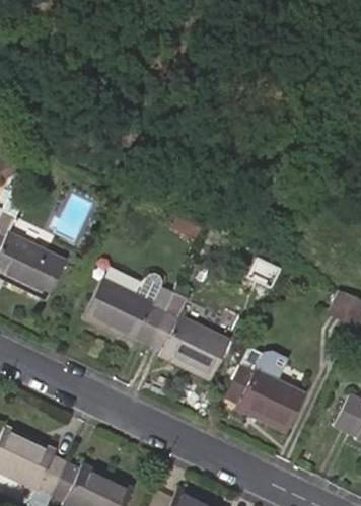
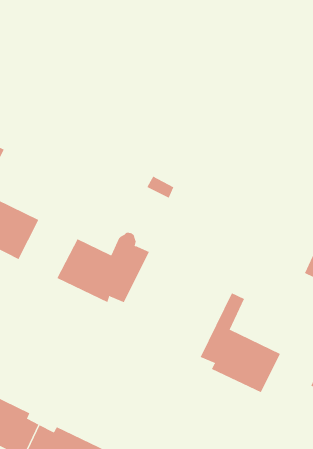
building: [150,292,229,379] -> none

